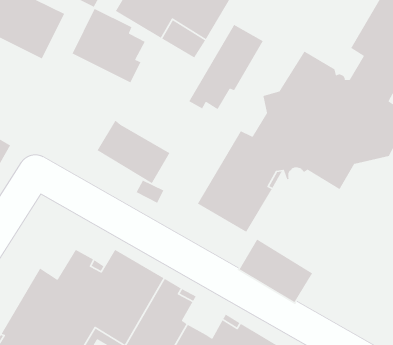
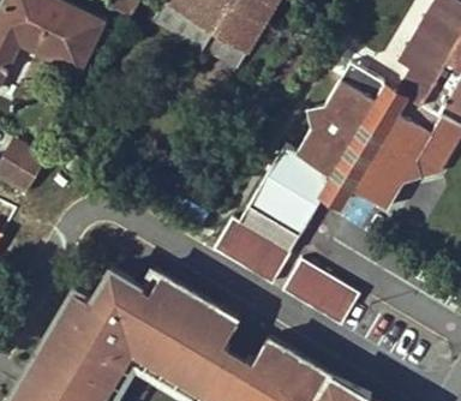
building: [72,8,146,83] -> none
building: [188,24,264,110] -> none
building: [97,120,170,184] -> [214,219,291,286]

